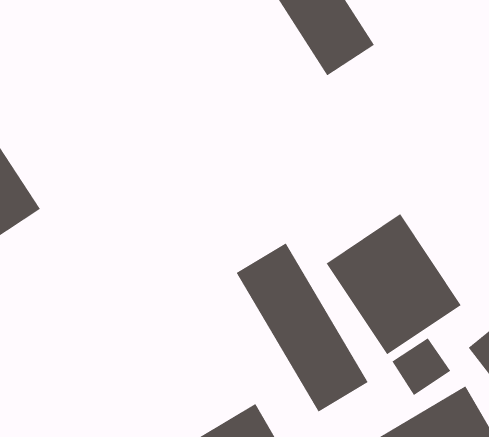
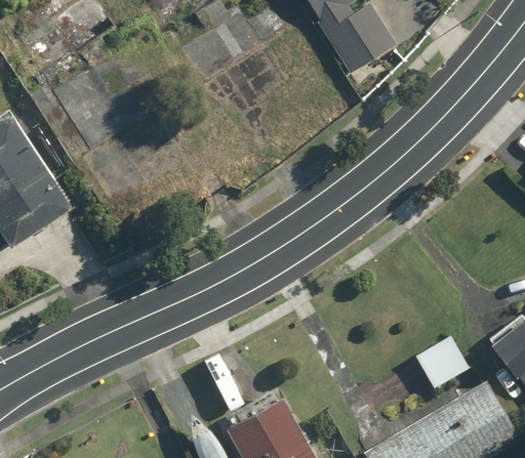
building: [326,213,461,355] -> none
building: [236,243,369,413] -> none

